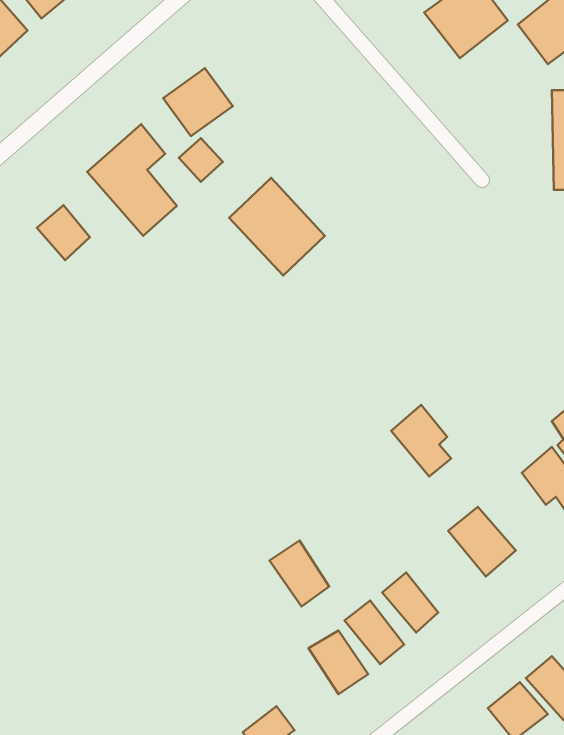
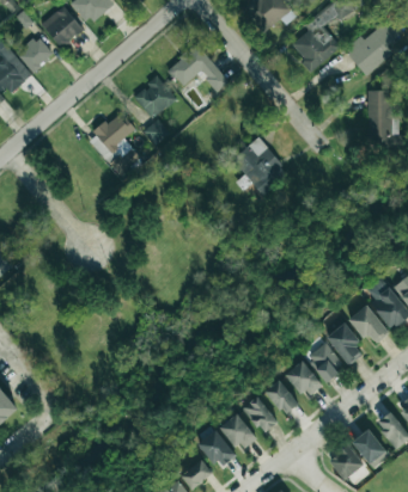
building: none -> [166,43,227,92]
building: [229,178,325,276] -> [231,136,288,195]
building: [37,205,90,260] -> none
building: [391,405,451,477] -> [325,321,361,364]
building: [269,541,329,606] -> [199,429,235,468]
building: none -> [284,359,319,396]

